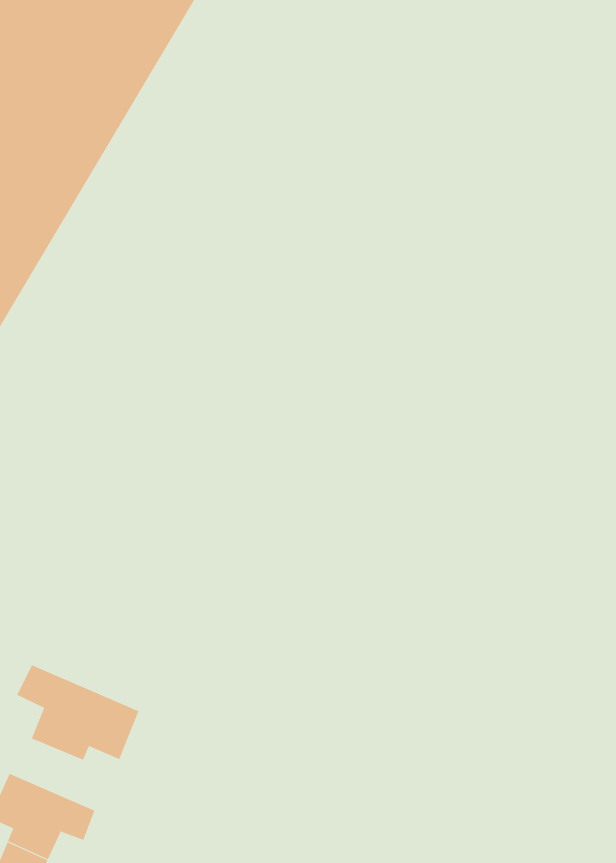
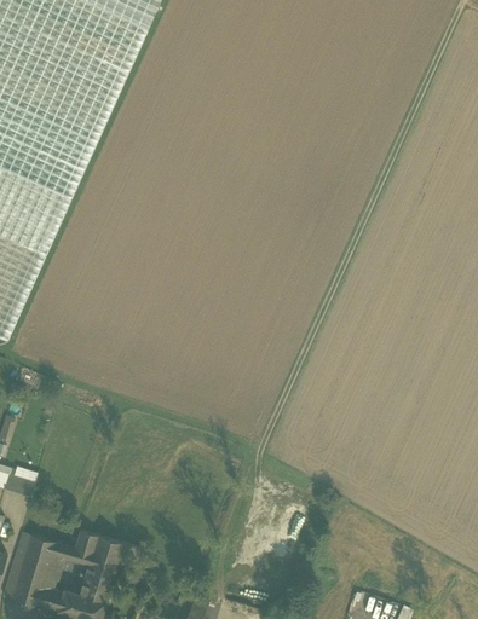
building: [16,664,139,760] -> none

